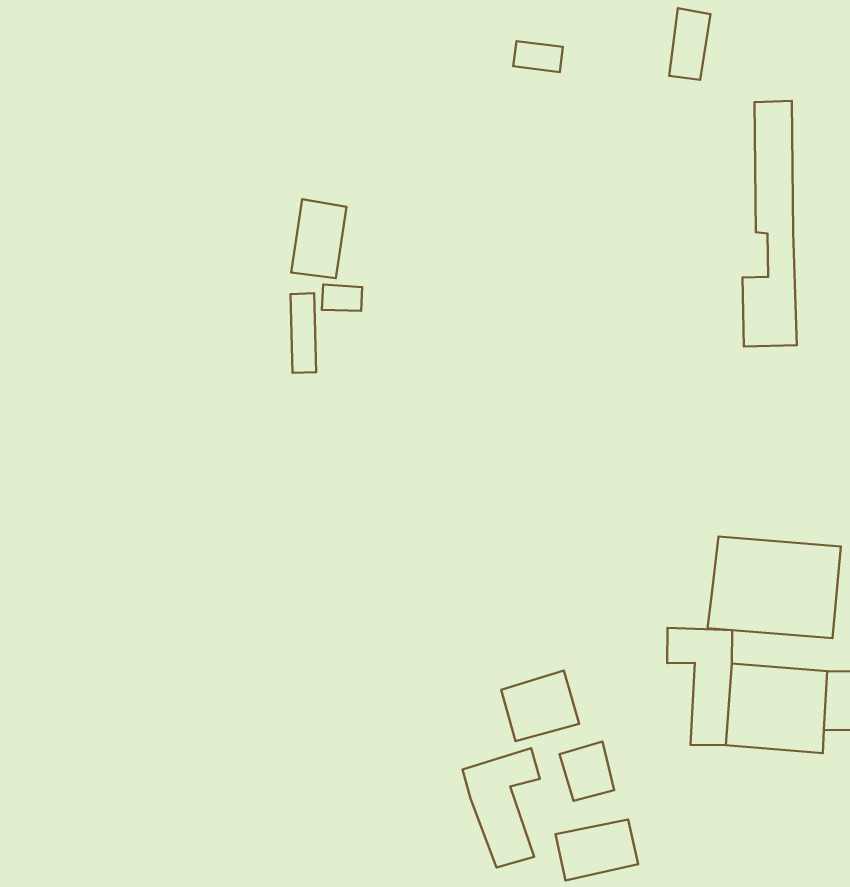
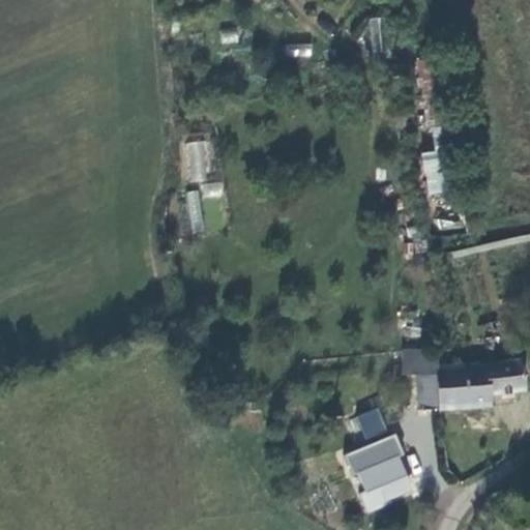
building: [708,536,841,638] -> none
building: [501,671,579,741] -> none
building: [462,748,540,868] -> none

